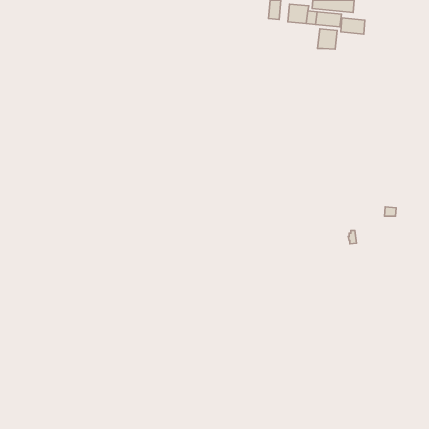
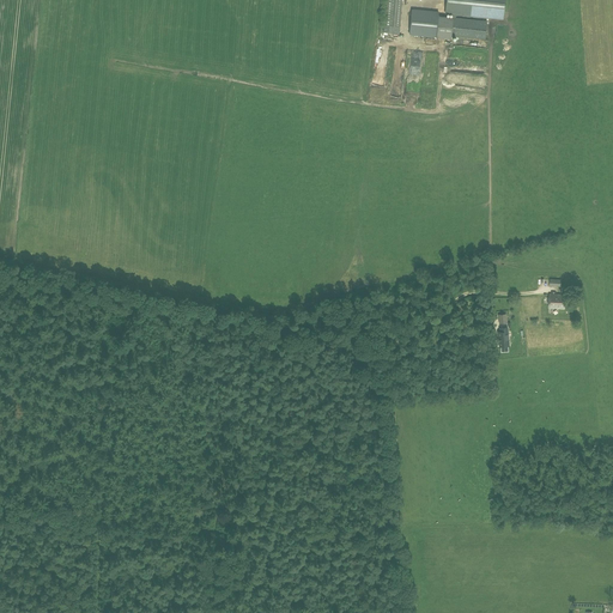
building: [341,18,365,34] -> none
building: [318,29,337,49] -> none

